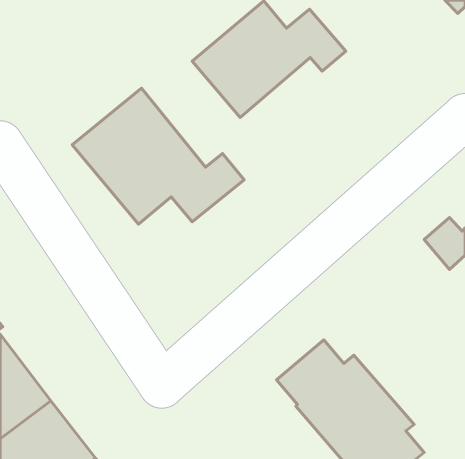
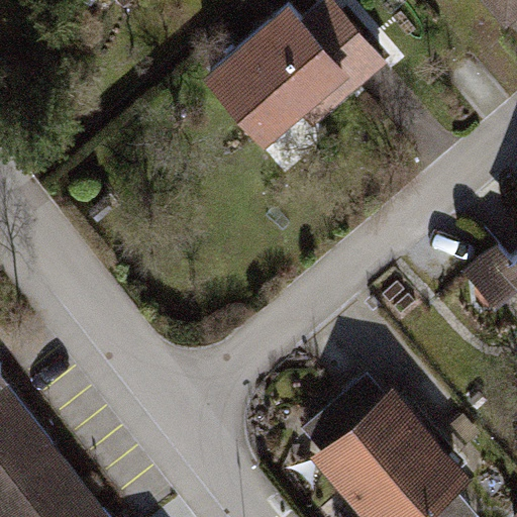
building: [72,88,244,224] -> none

